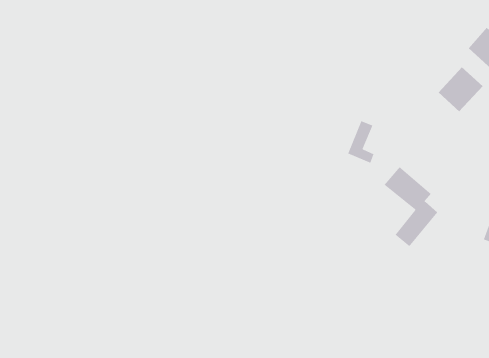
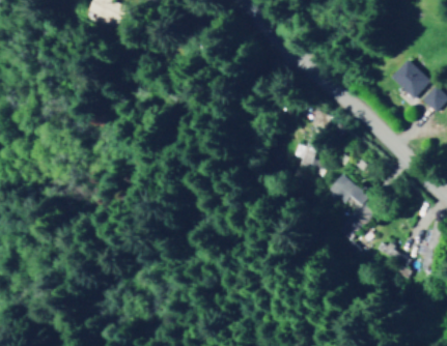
building: [438,67,483,112] -> none

